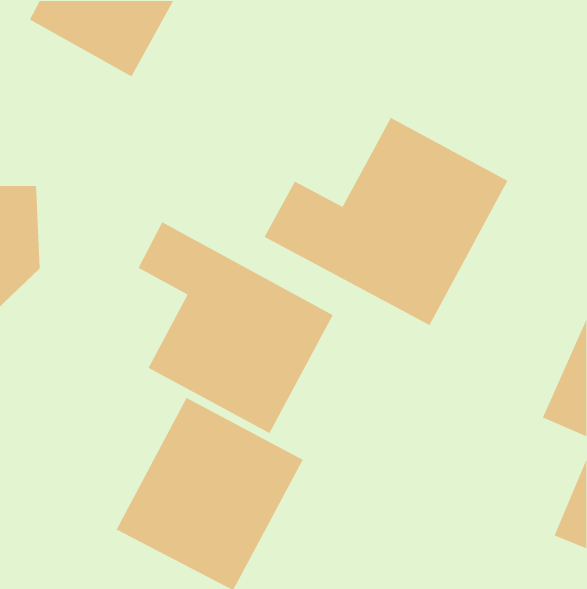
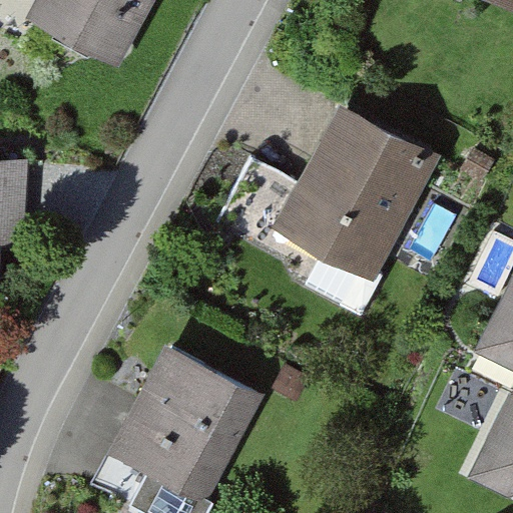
building: [137,221,334,434] -> none

